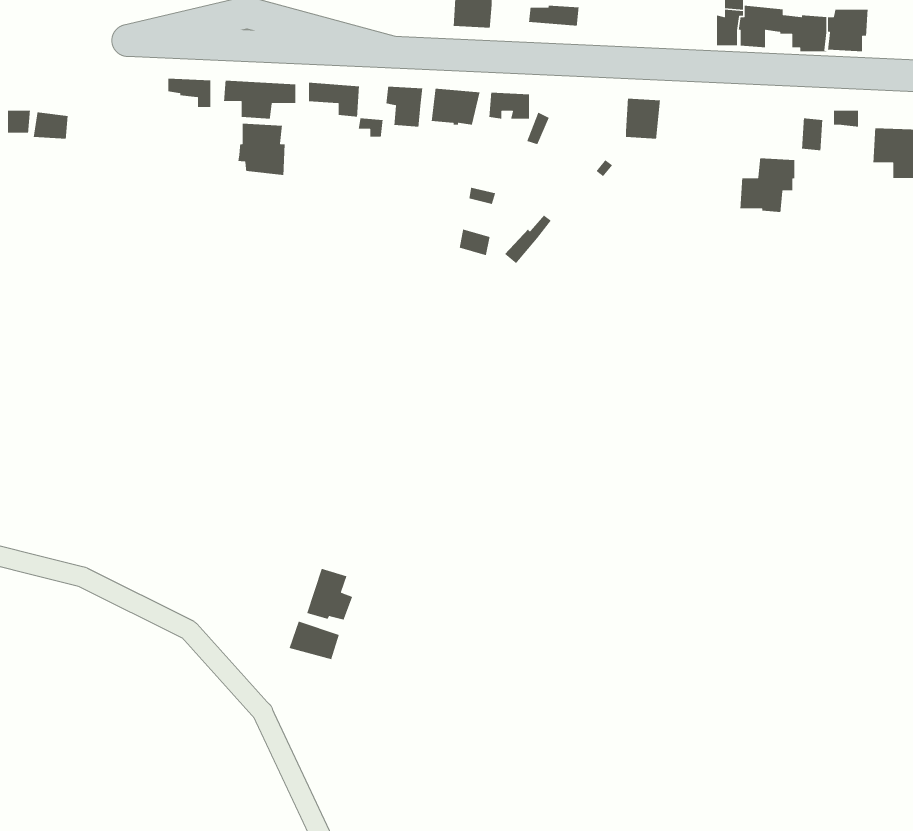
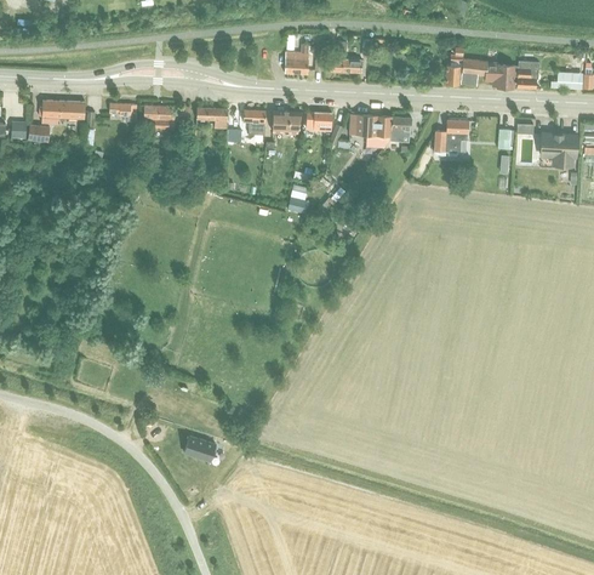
building: none -> [39,98,85,123]
building: none -> [348,114,390,148]
building: [238,123,285,176] -> none
building: [740,158,795,213] -> [434,119,468,153]
building: [306,568,353,620] -> none

